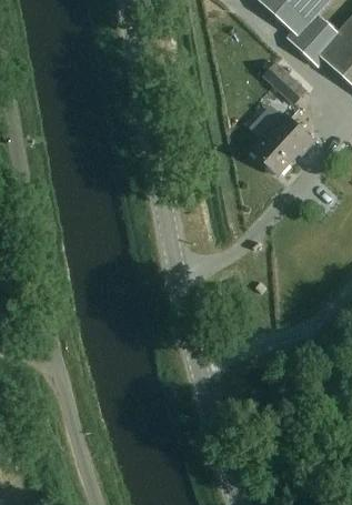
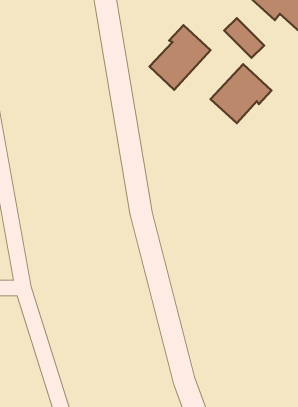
building: none -> [149,25,210,90]

